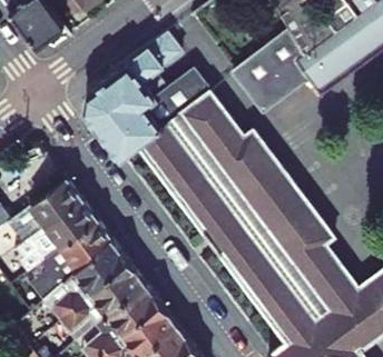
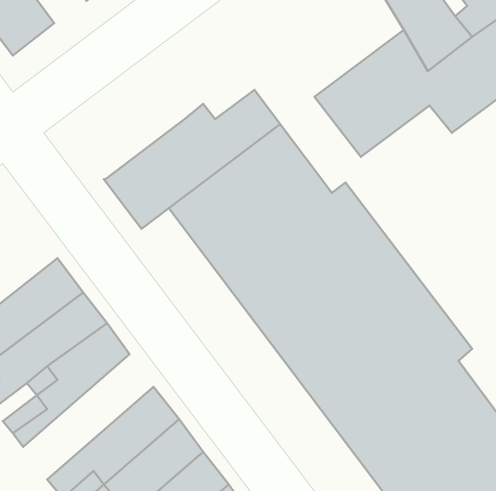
building: [84,33,181,127] -> none
building: [43,240,128,321] -> none

